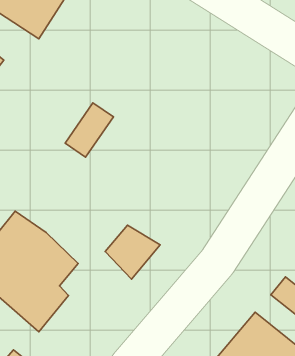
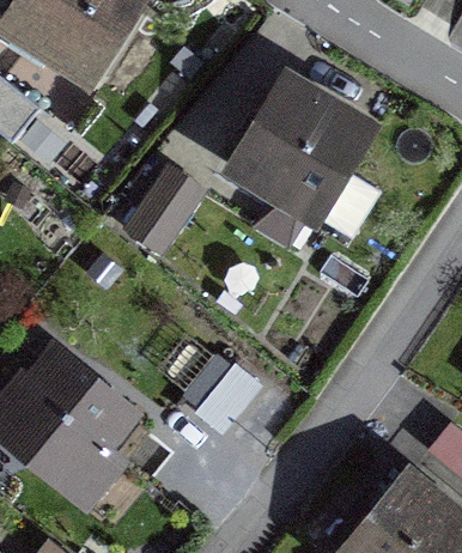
building: none -> [230,84,365,220]

